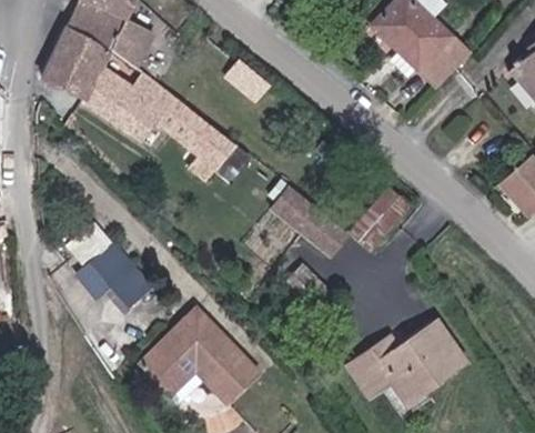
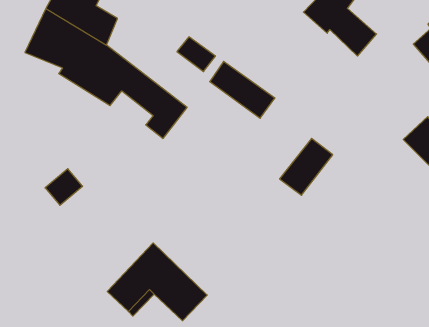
building: [271,189,350,258] -> [210,61,275,118]
building: [77,244,153,314] -> none
building: [342,320,465,400] -> none

